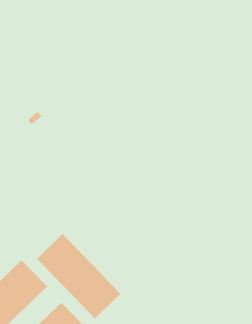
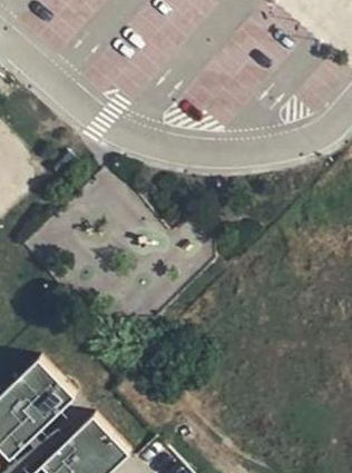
building: [36,233,121,319] -> none

